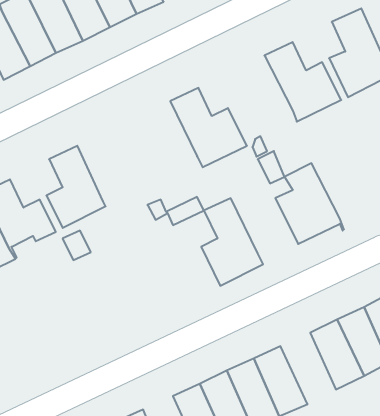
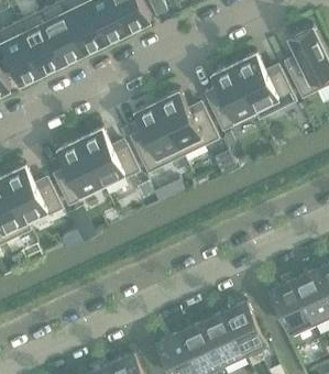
building: none -> [79,129,139,188]
building: [275,163,344,244] -> [202,65,259,131]
building: [201,198,263,286] -> [131,102,182,174]

